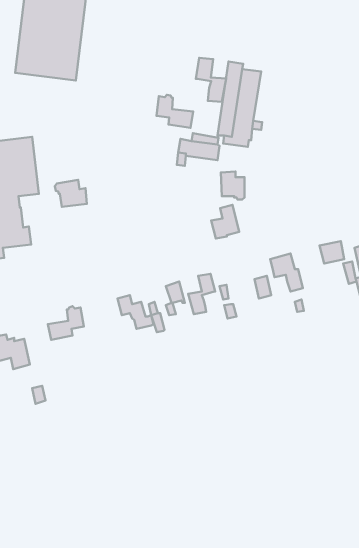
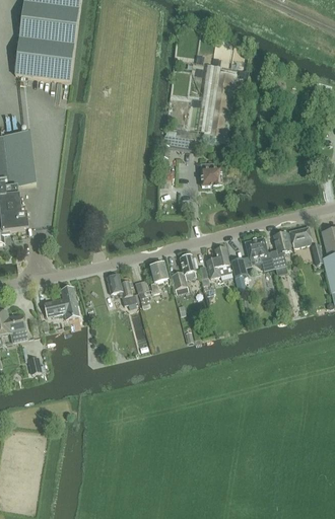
building: [196,58,226,102] -> none
building: [157,95,193,128] -> none
building: [55,180,87,207] -> none
building: [211,205,239,239] -> [206,246,231,277]
building: none -> [270,232,290,269]

